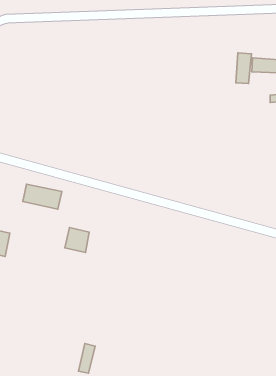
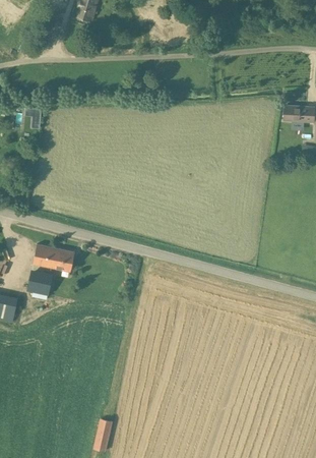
building: [236,53,252,84] -> none
building: [65,228,89,253] -> [25,268,52,295]

